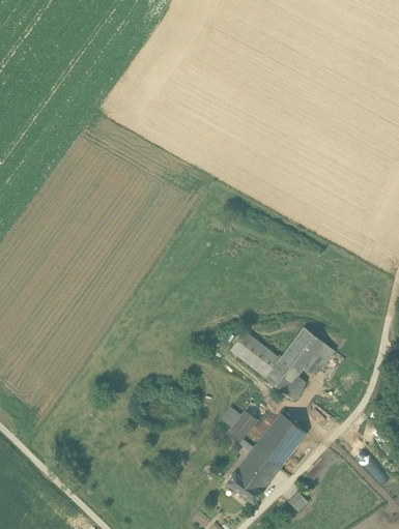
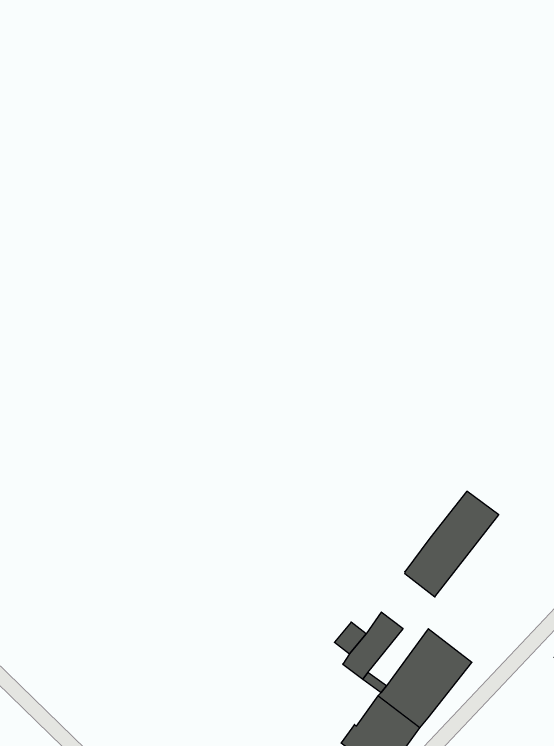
building: [230,331,281,377] -> none
building: [284,342,335,402] -> none

